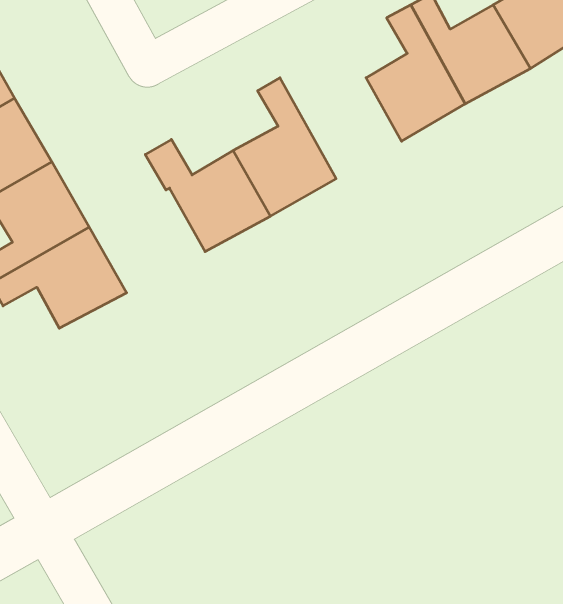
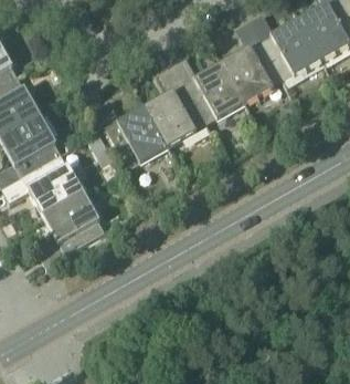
building: none -> [172,56,244,124]
building: none -> [36,191,104,267]

